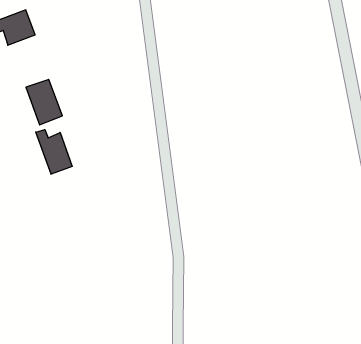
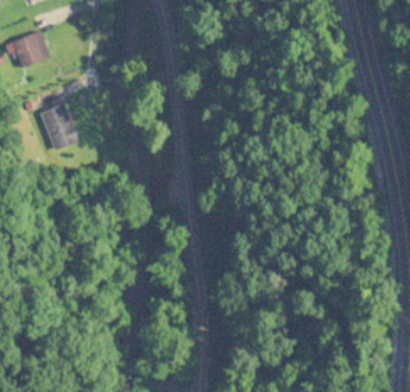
building: [36,130,72,174] -> none

